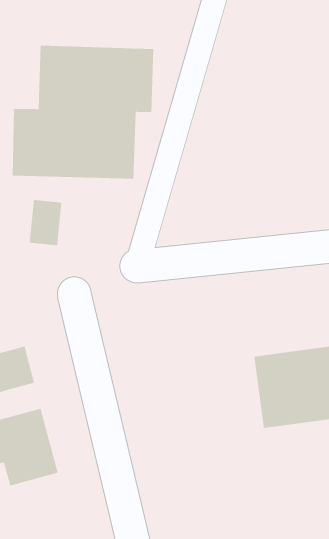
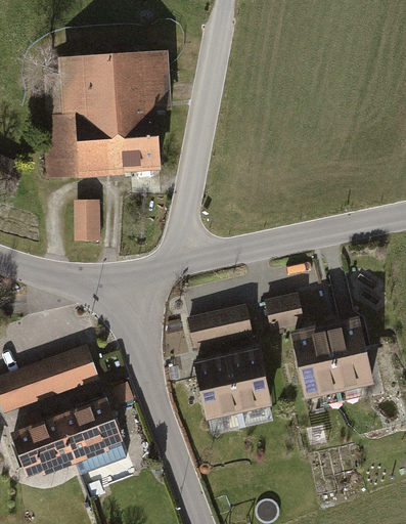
building: none -> [264,292,302,328]
building: none -> [187,304,250,345]
building: none -> [191,346,270,419]

